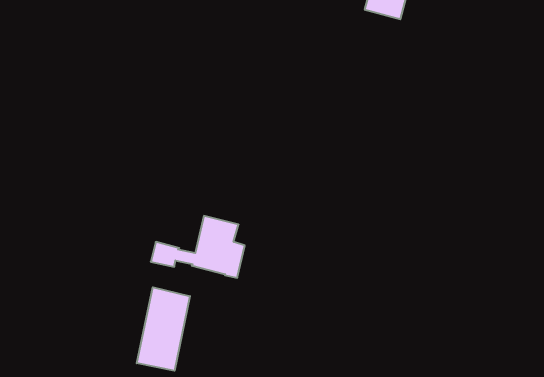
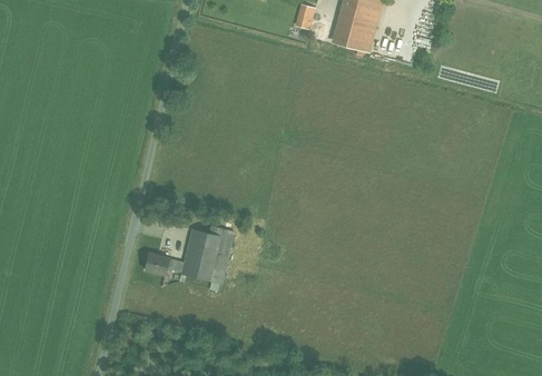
building: [137,287,190,371] -> none

